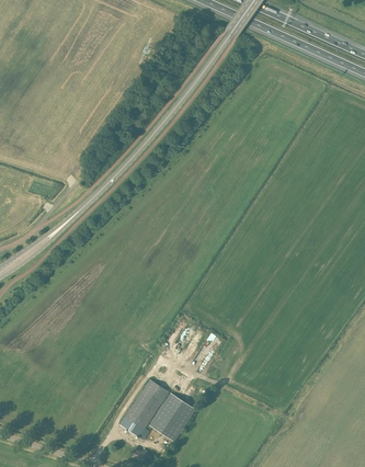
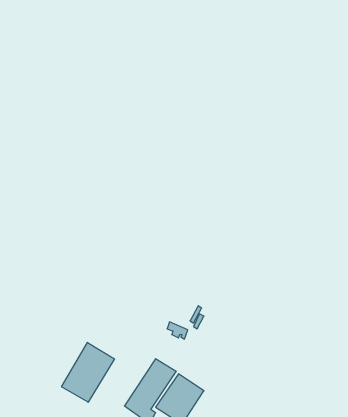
building: none -> [62,342,115,402]

